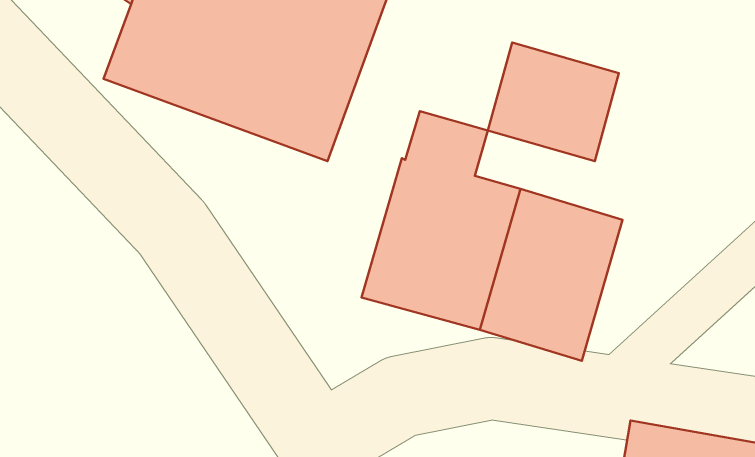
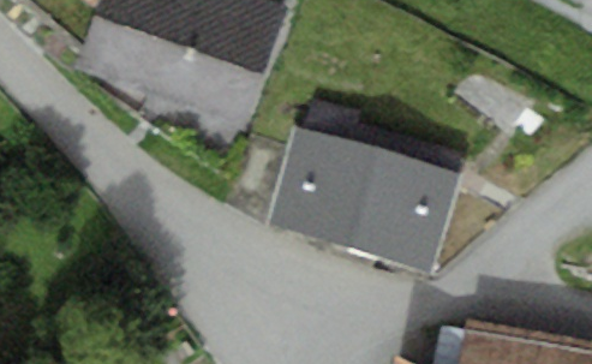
building: [488,43,619,161] -> none

